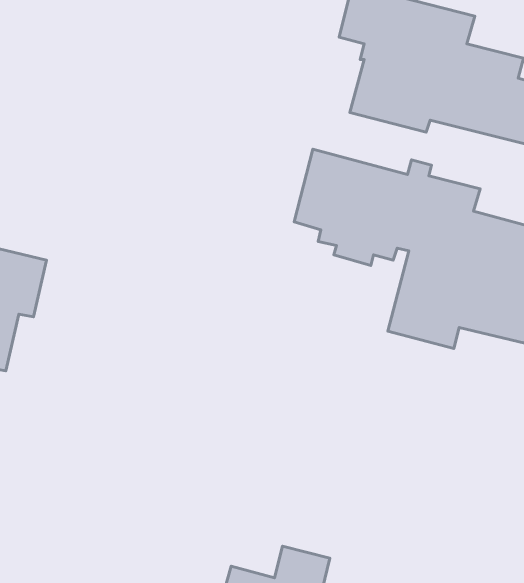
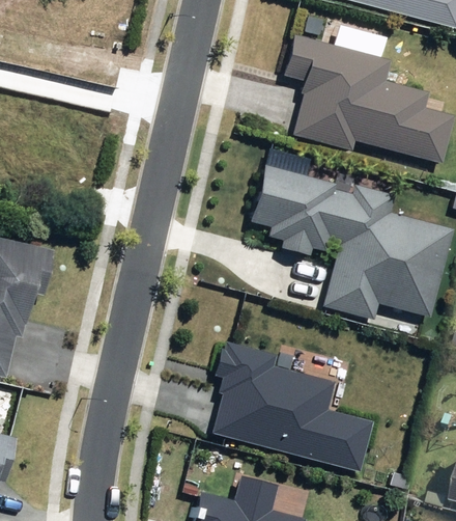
building: none -> [212,341,373,472]

